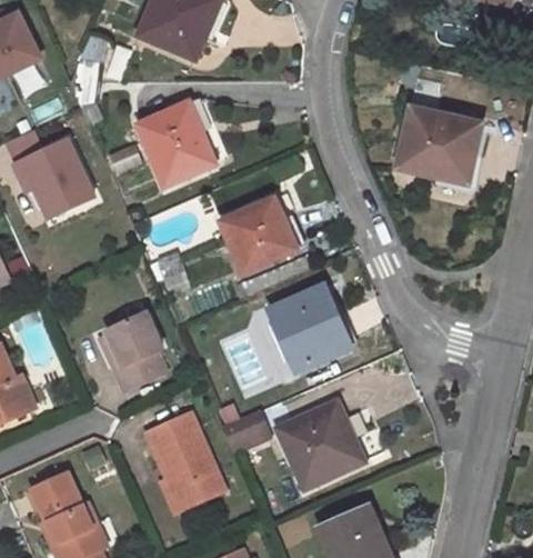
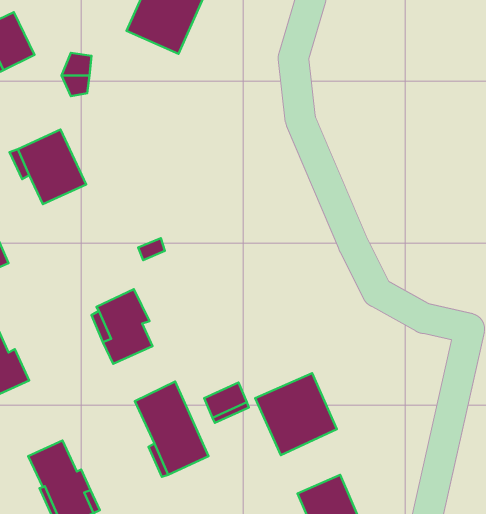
building: [137,103,213,185] -> none
building: [396,108,480,181] -> none
building: [221,198,294,271] -> none
building: [269,285,349,369] -> none

